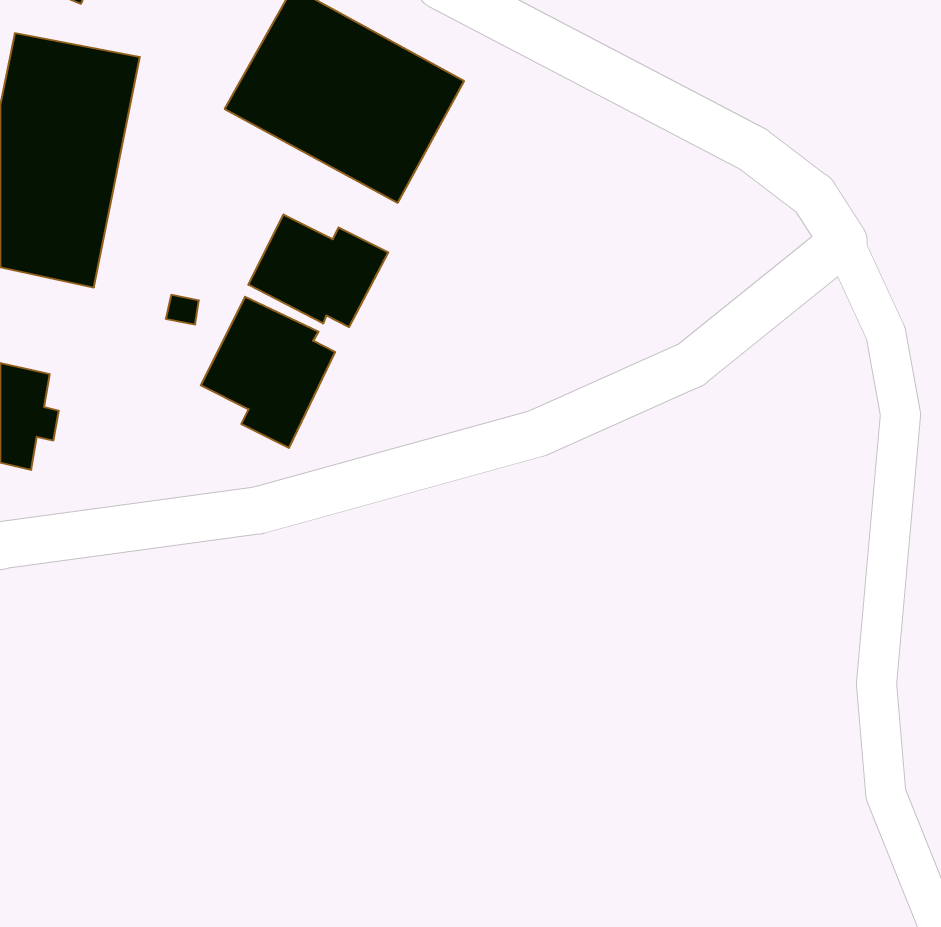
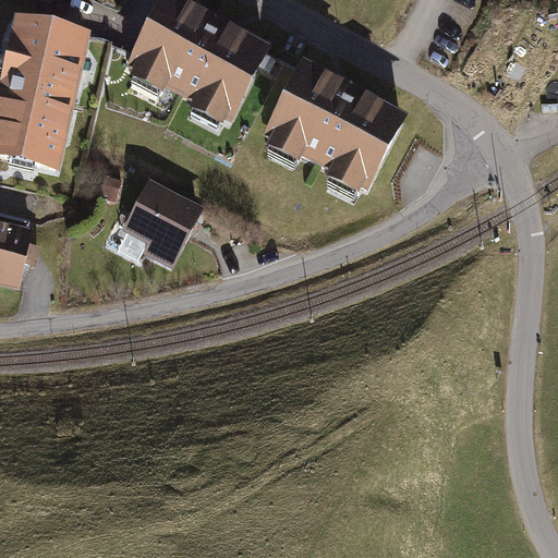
building: none -> [269,70,400,189]
building: [248,214,388,327] -> none

